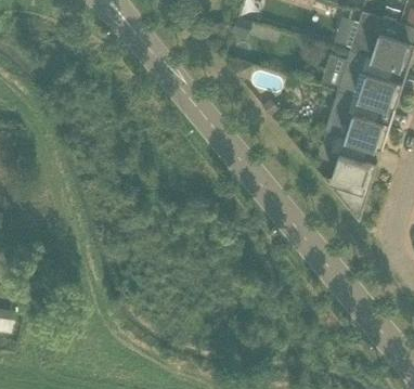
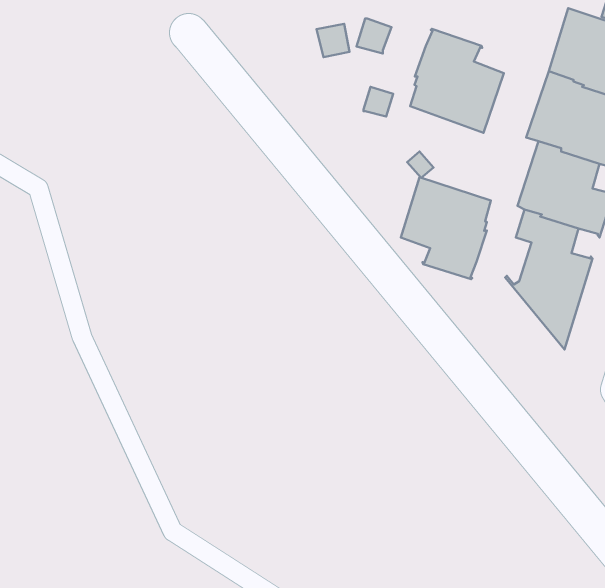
building: none -> [410,29,504,133]
building: none -> [401,177,491,279]

